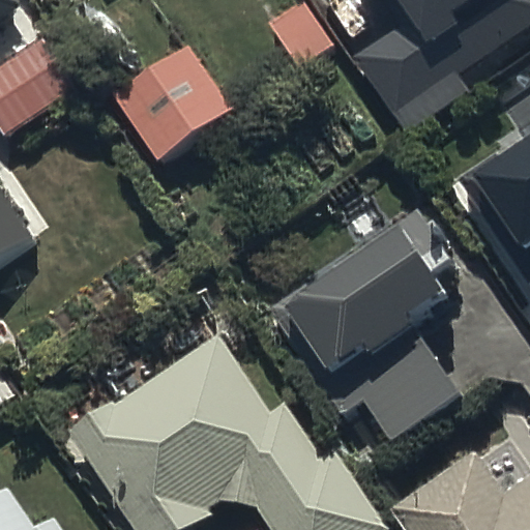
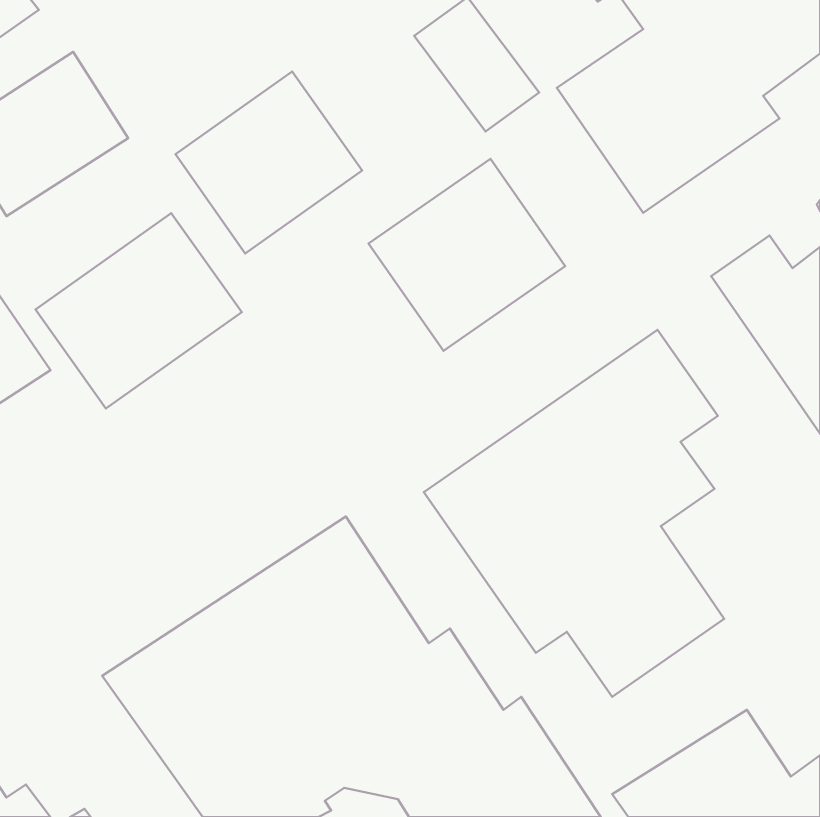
building: none -> [369,159,565,351]
building: none -> [35,213,242,408]

